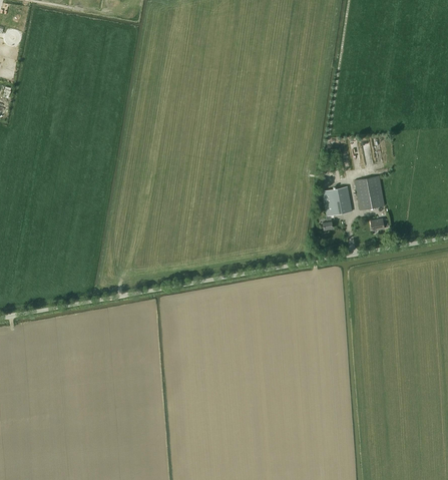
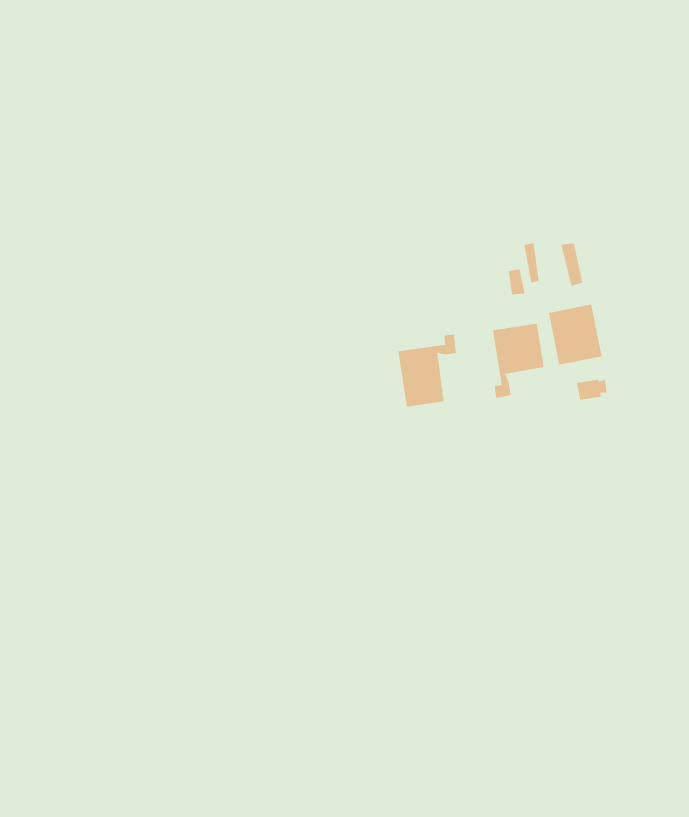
building: none -> [398,333,456,407]

